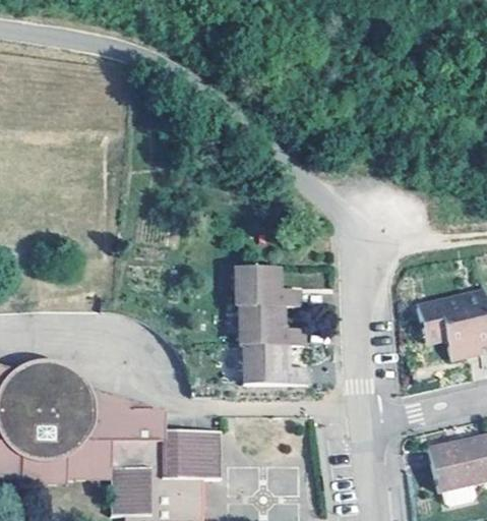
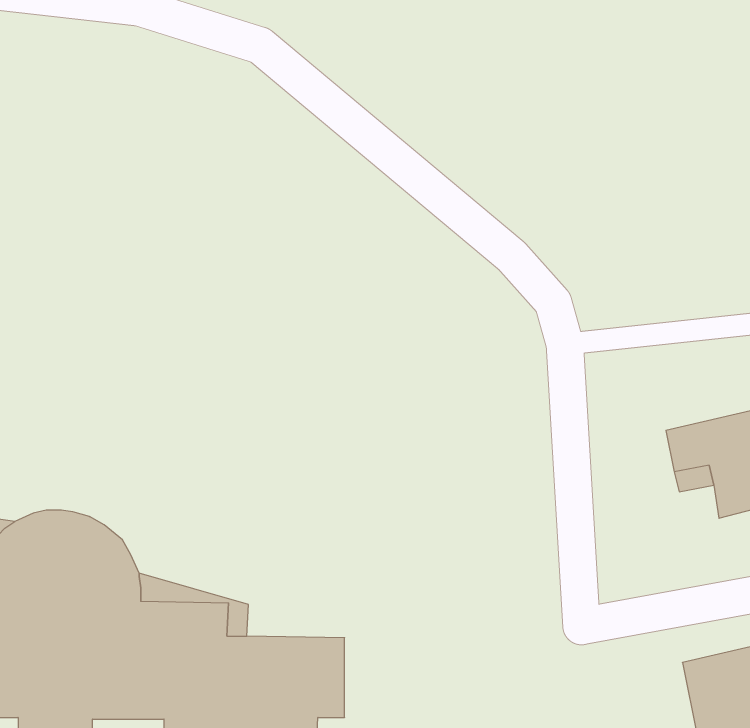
building: [235,268,308,386] -> none

